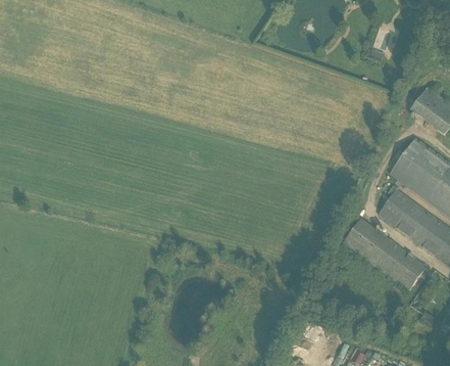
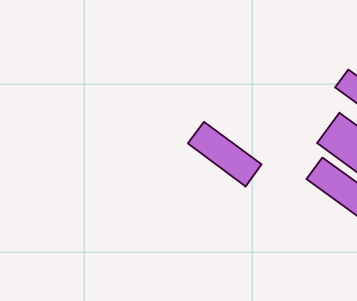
building: [342,217,426,290] -> [188,122,262,187]

